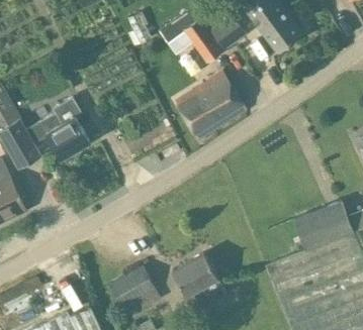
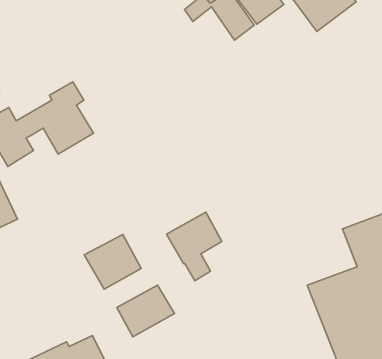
building: [175,72,247,140] -> none
building: none -> [84,235,141,289]
building: [172,253,217,310] -> [166,212,222,281]

